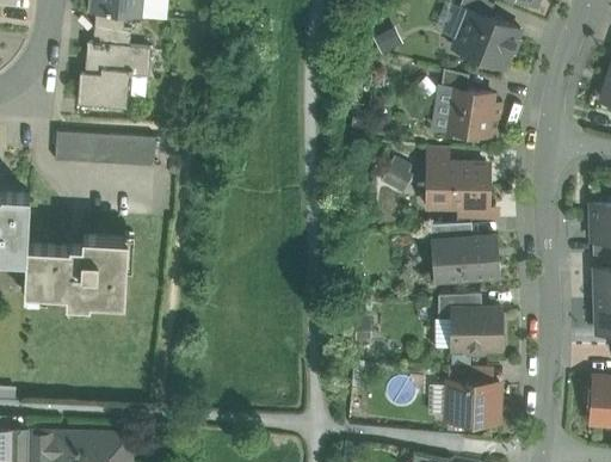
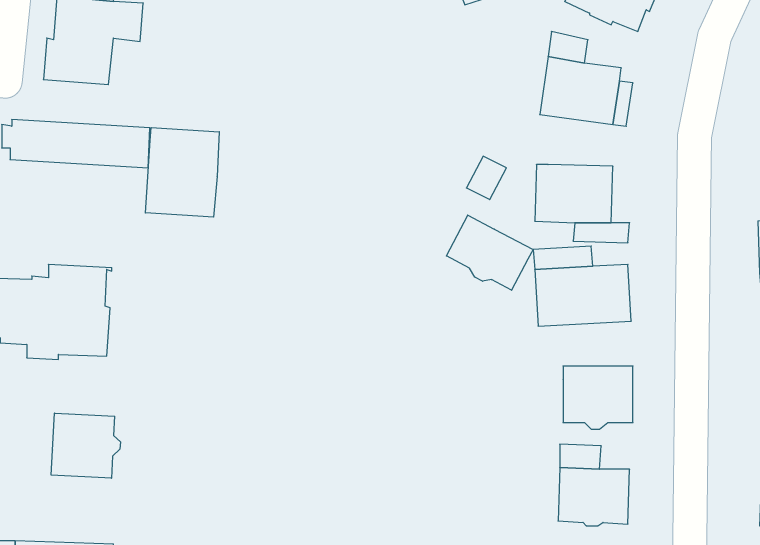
building: none -> [145,128,219,217]
building: none -> [446,215,533,290]
building: [438,294,481,319] -> none
building: none -> [51,413,120,478]

